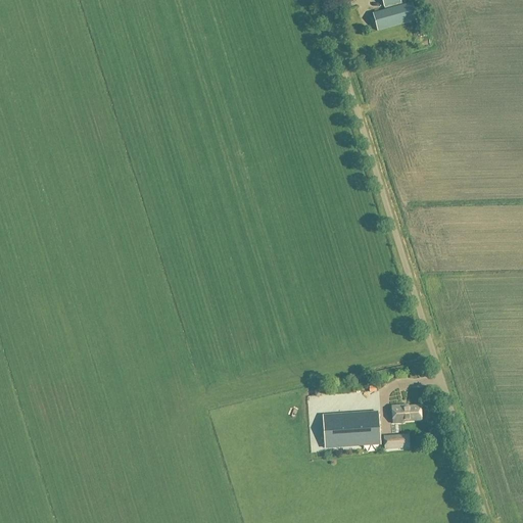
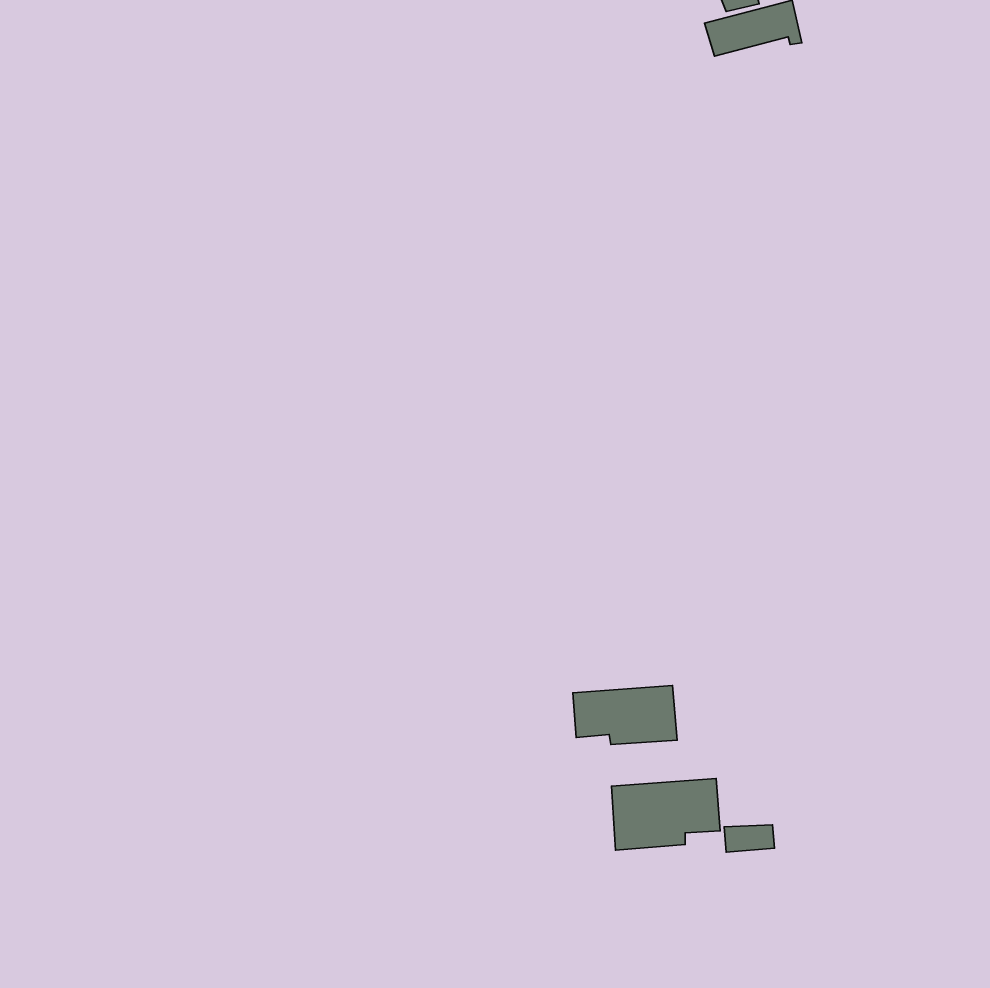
building: none -> [573,686,677,744]
building: [389,403,420,424] -> none

